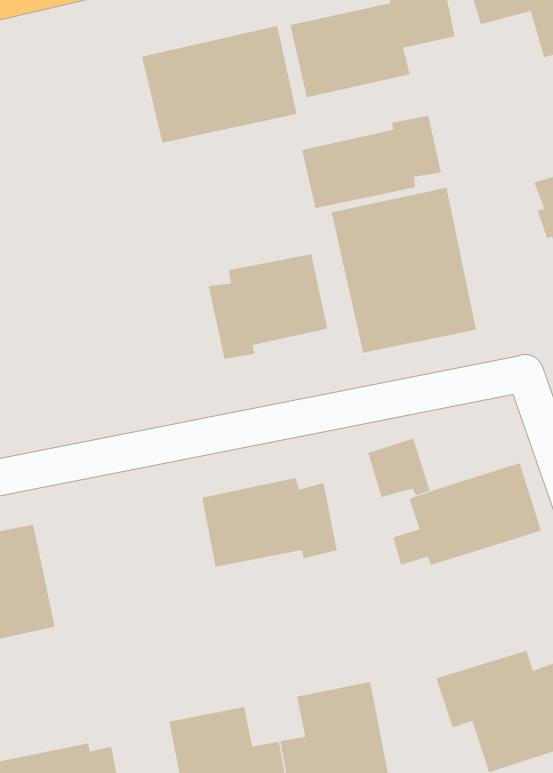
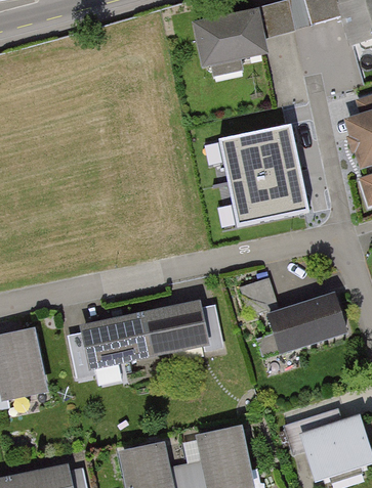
building: [141,25,297,143] -> none
building: [302,115,441,209] -> none
building: [208,254,328,360] -> none
building: none -> [68,313,147,376]

